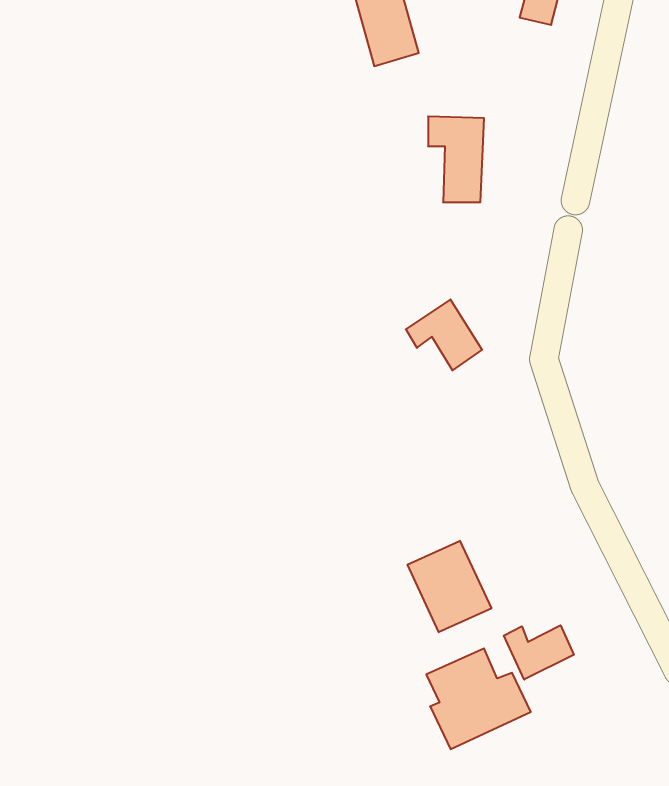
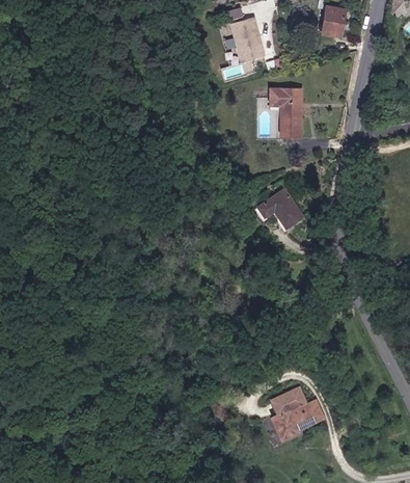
building: [407,541,491,632] -> none
building: [504,625,574,680] -> none

